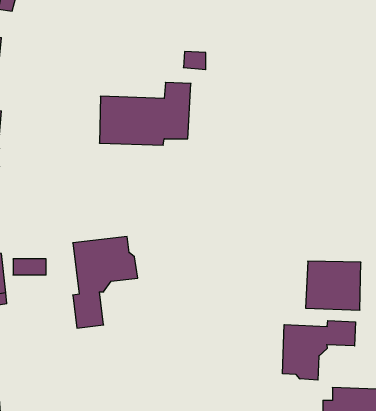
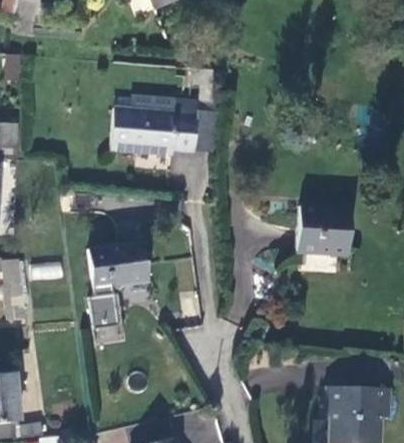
building: [306,261,361,310] -> [297,206,349,253]
building: [283,321,355,380] -> none

